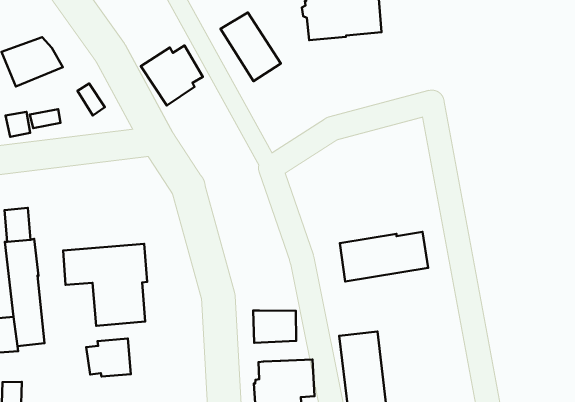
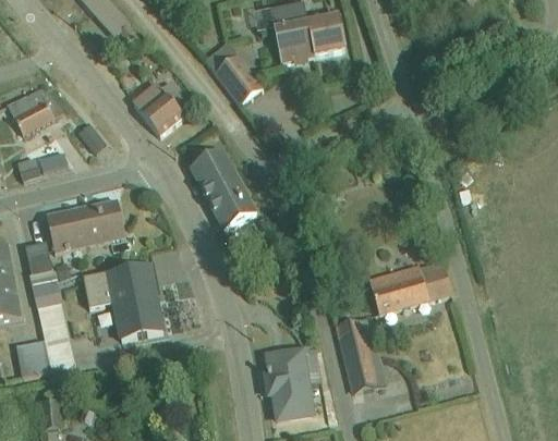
building: none -> [191,149,257,231]
building: none -> [46,199,125,253]
building: [340,232,428,282] -> [369,262,451,315]
building: [253,311,296,343] -> none
building: [86,338,131,376] -> none

